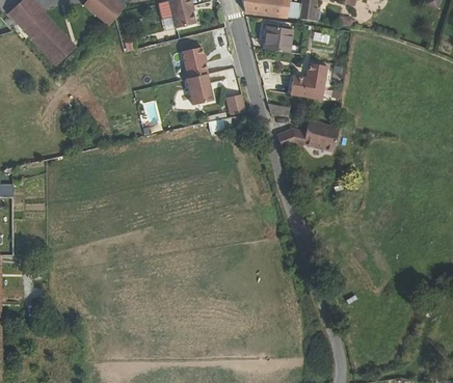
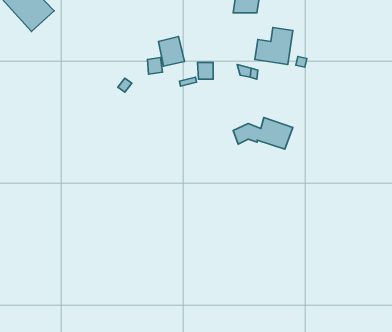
building: [180,44,207,76] -> none
building: [277,119,340,153] -> [233,117,293,149]

